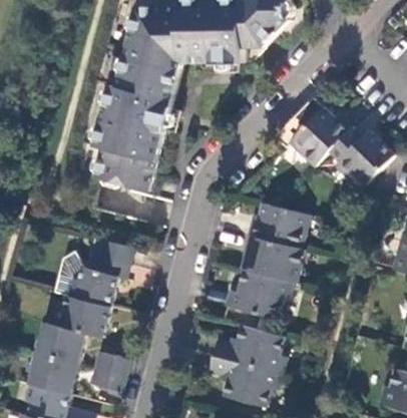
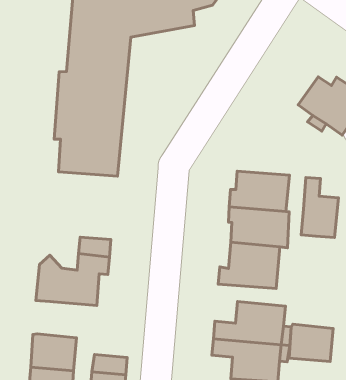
building: [290,109,351,166] -> none
building: none -> [301,178,339,237]
building: [49,296,109,337] -> none
building: none -> [289,324,333,362]

